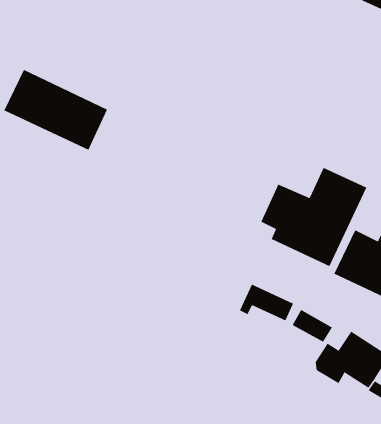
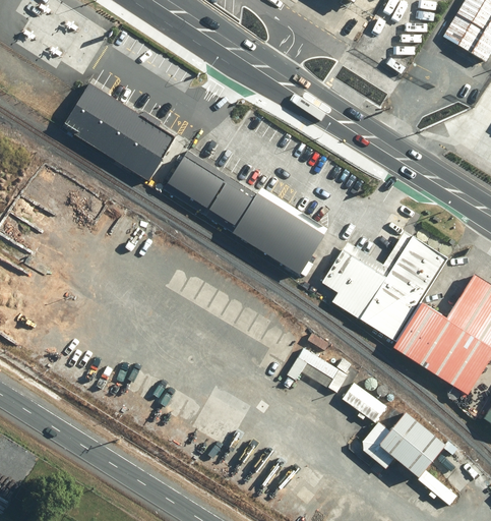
building: none -> [167,155,324,273]

